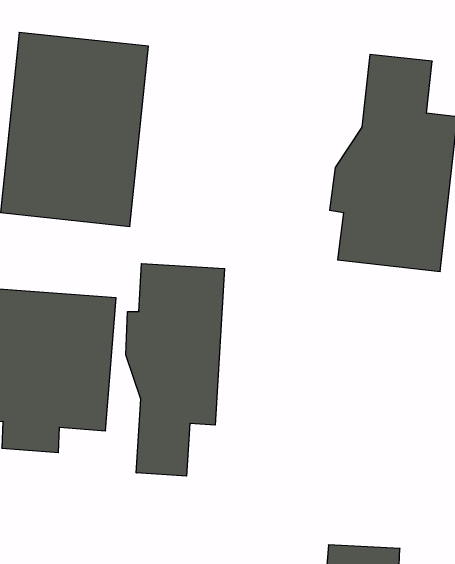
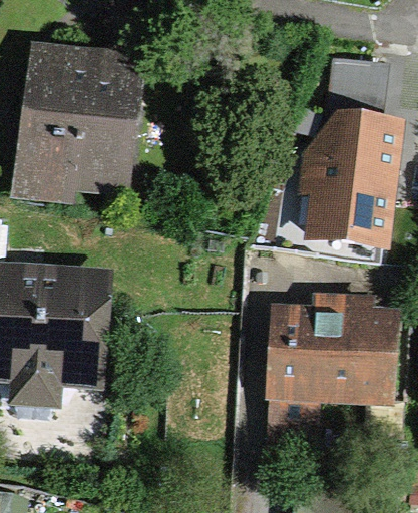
building: [126,264,225,476] -> none
building: none -> [266,292,400,457]

